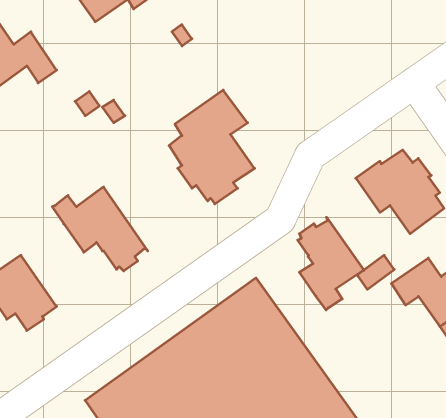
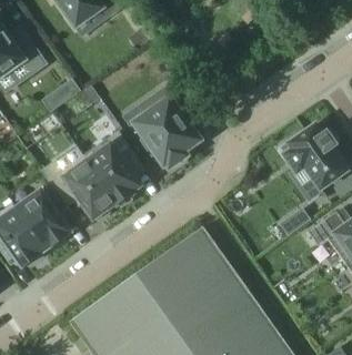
building: none -> [82,132,144,207]
building: [298,217,364,310] -> none
building: none -> [18,184,69,248]

